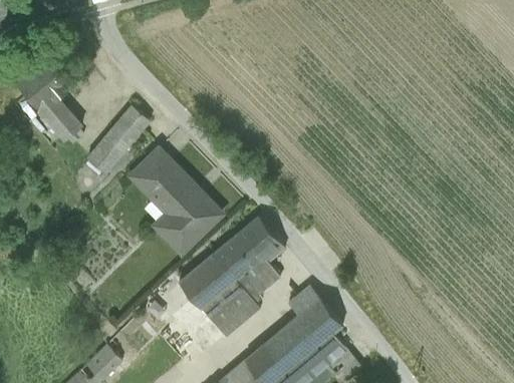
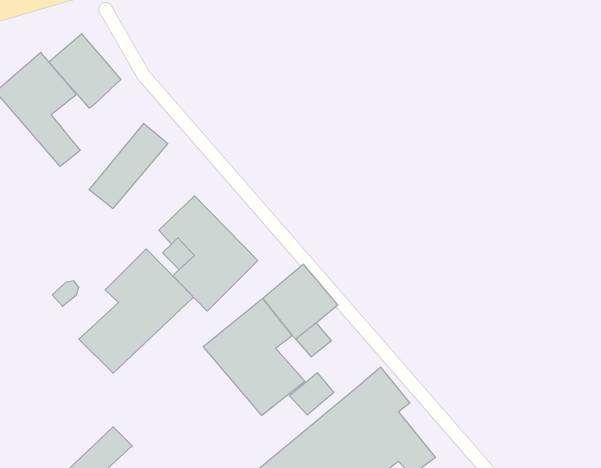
building: none -> [49,34,121,108]
building: [130,149,171,190] -> none
building: none -> [79,249,194,373]
building: [283,284,318,317] -> [289,373,334,415]

